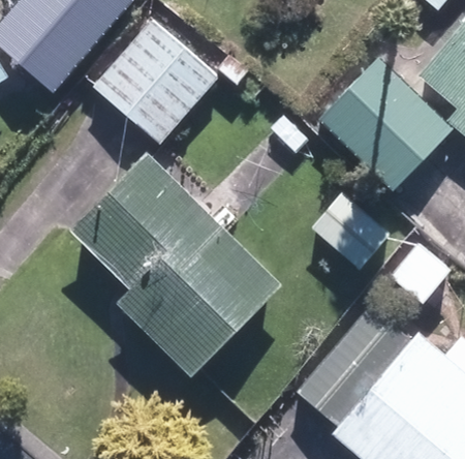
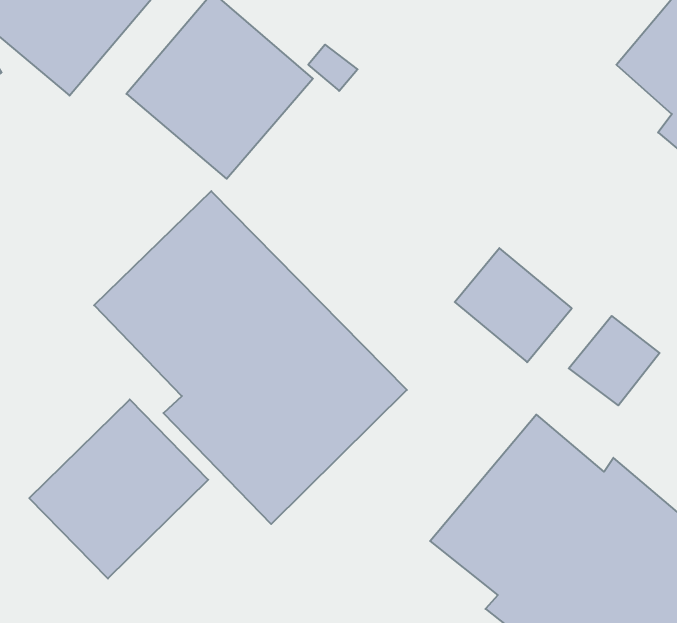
building: [319,57,452,188] -> none
building: none -> [29,399,208,579]

